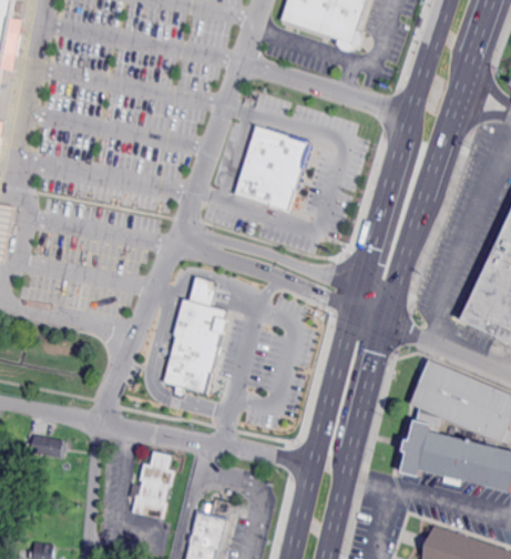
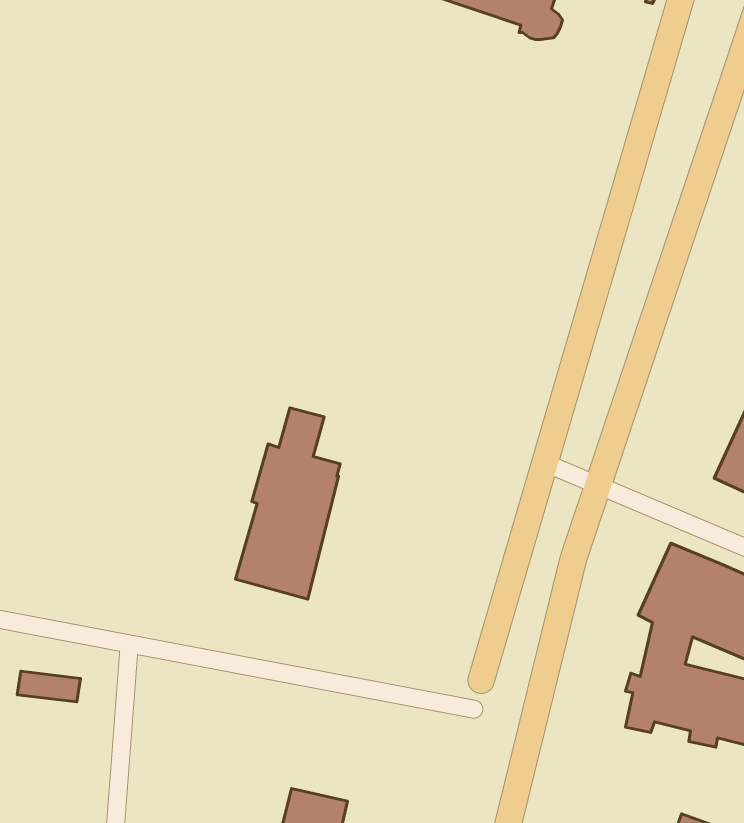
building: [236,125,310,210] -> none
building: [129,451,174,519] -> none

